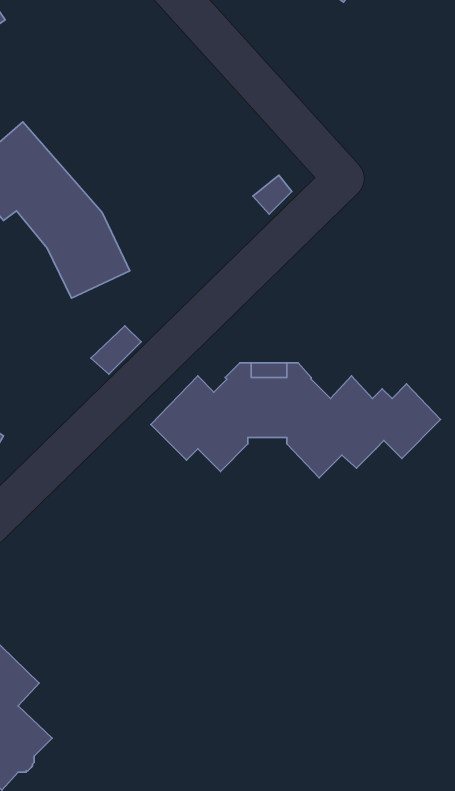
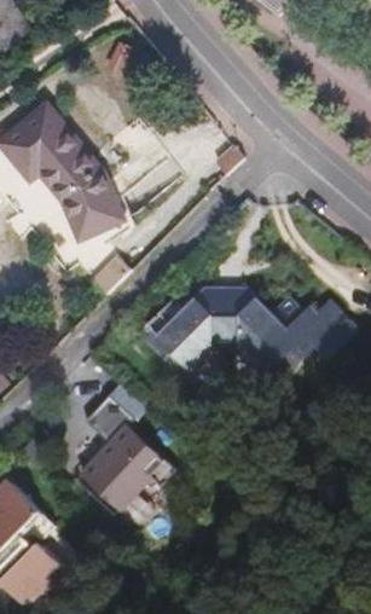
building: none -> [86,395,180,511]

